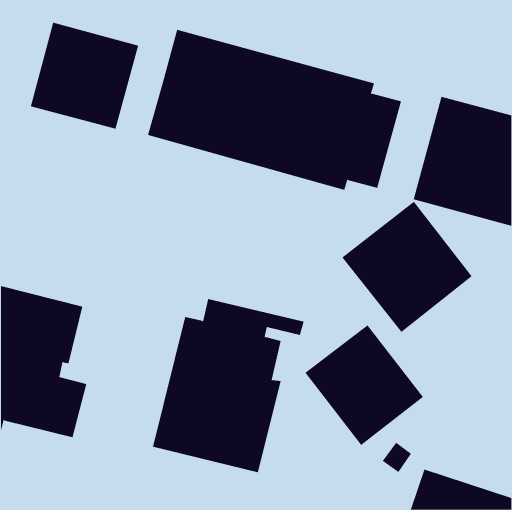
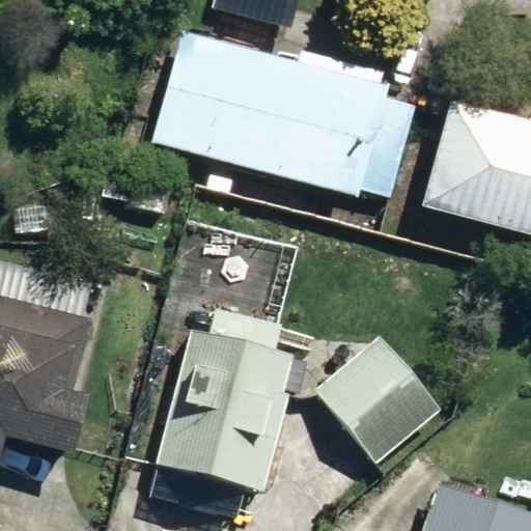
building: [30,22,139,129] -> none
building: [342,201,473,333] -> none

